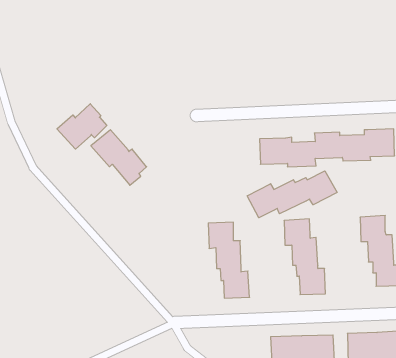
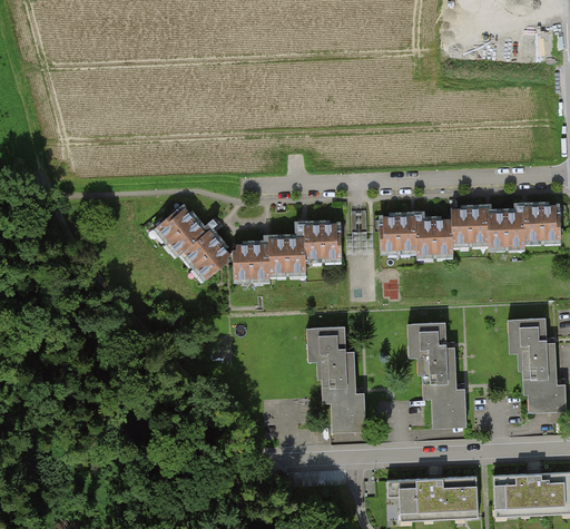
building: [57,104,107,149] -> none
building: none -> [233,224,338,278]
building: [247,171,337,218] -> none

